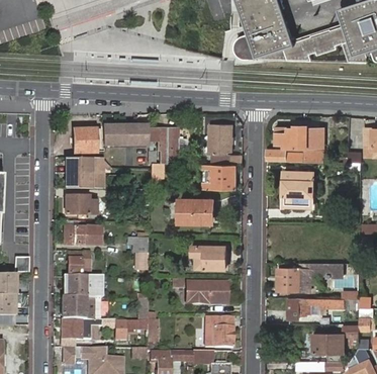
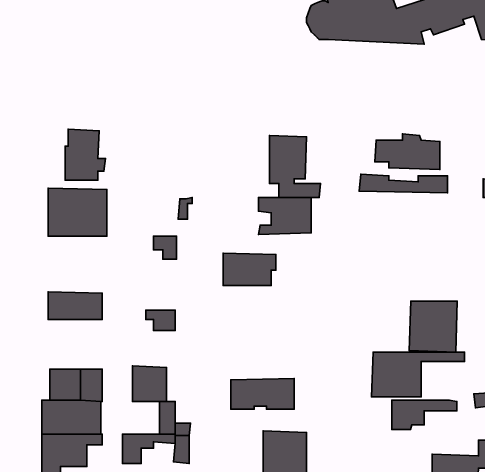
building: [101,125,149,150] -> none
building: [158,128,186,161] -> none
building: [284,170,315,203] -> [409,301,457,352]
building: [64,196,95,214] -> none
building: [191,245,225,268] -> none
building: [66,253,88,276] -> [133,366,167,402]

